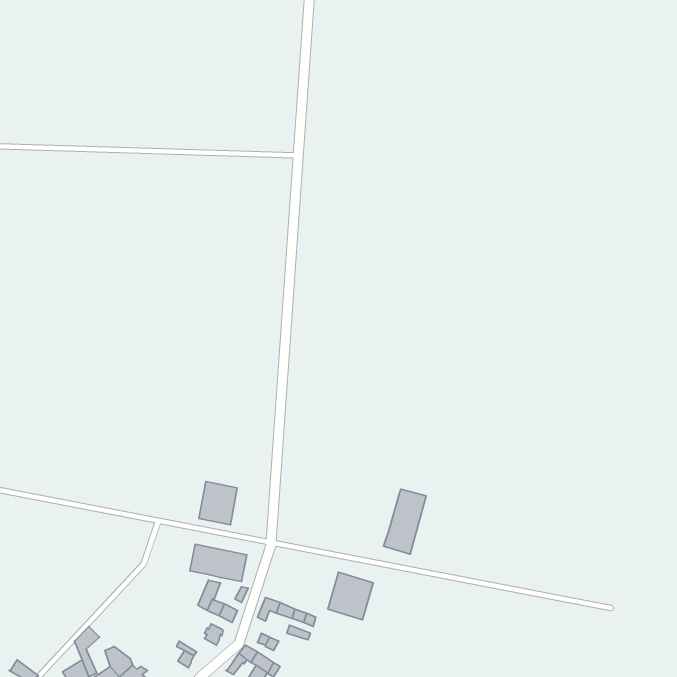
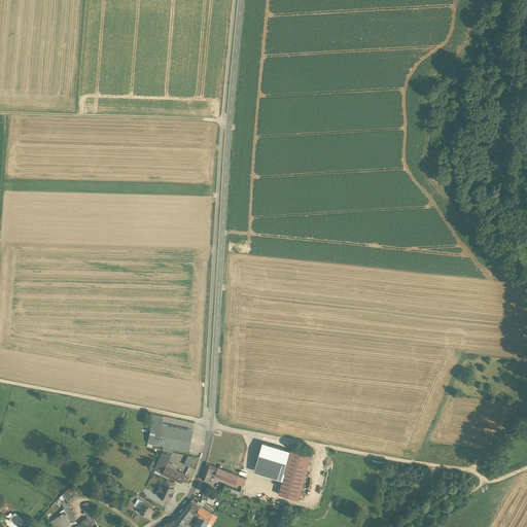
building: [199,482,237,525] -> none
building: [384,489,426,554] -> [277,450,310,500]

